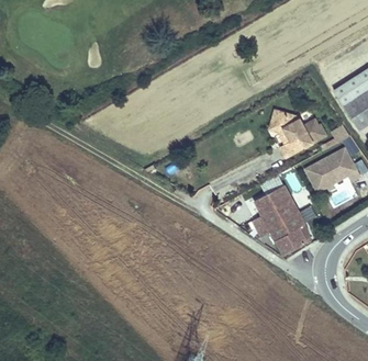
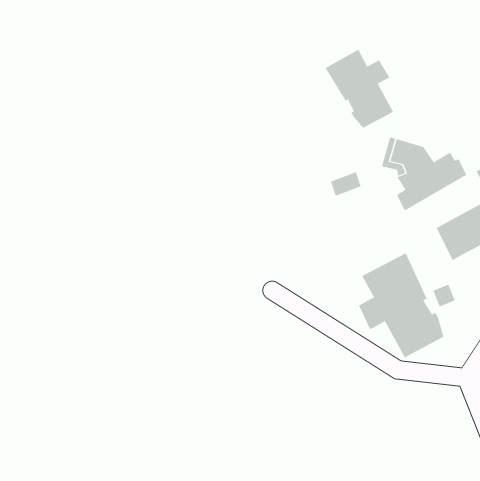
building: none -> [325,49,394,129]

